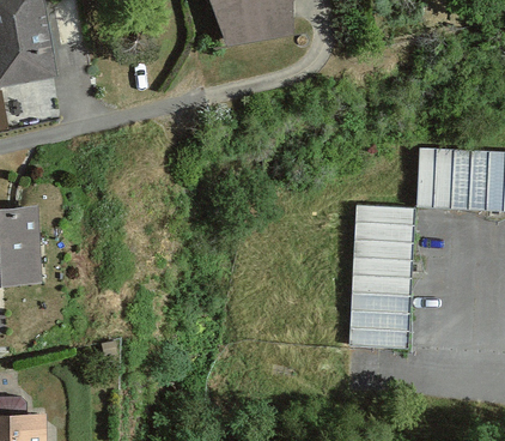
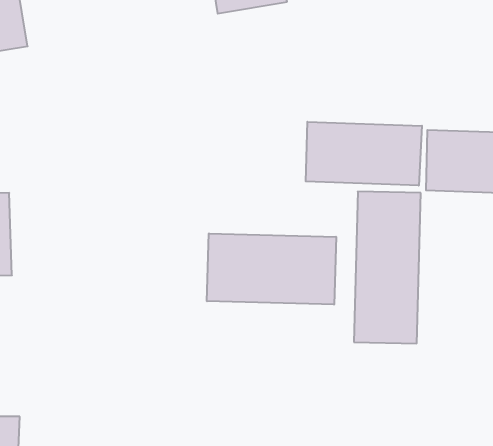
building: none -> [306,122,422,186]
building: none -> [207,233,336,305]

